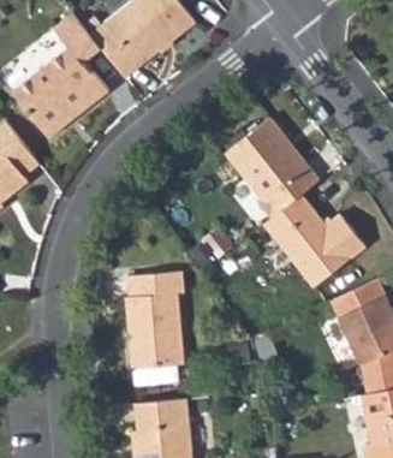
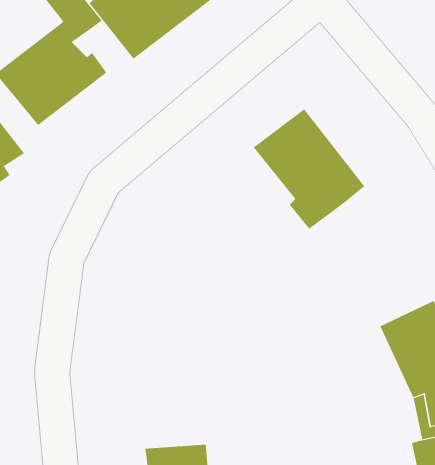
building: [266,200,363,287] -> none
building: [124,272,189,368] -> none

